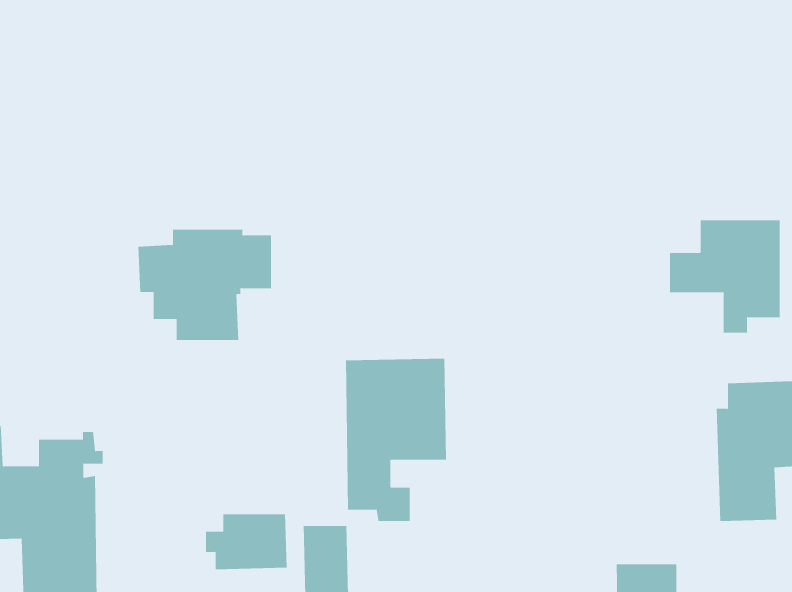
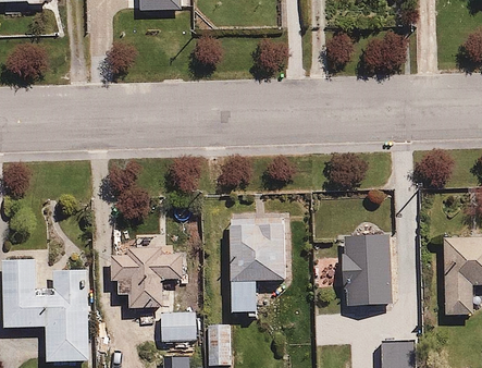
building: [669,220,780,333] -> [327,240,391,304]
building: [138,229,272,341] -> [107,245,183,308]

